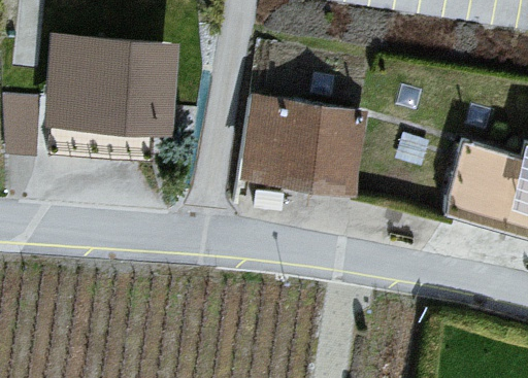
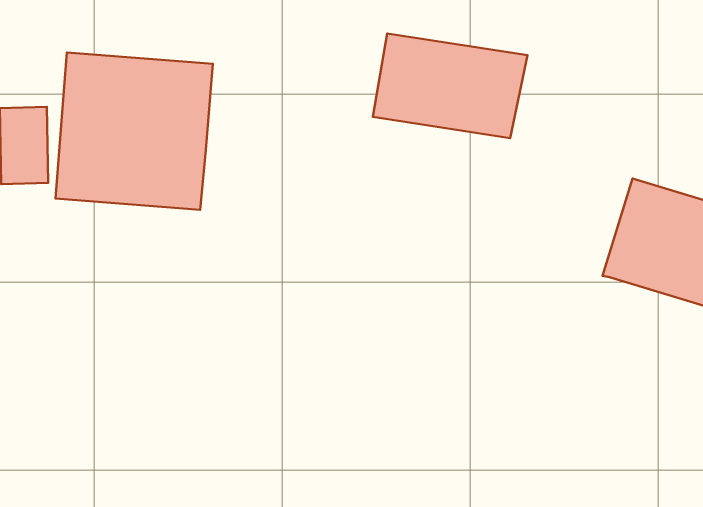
building: [250,96,361,171] -> [373,34,527,138]

